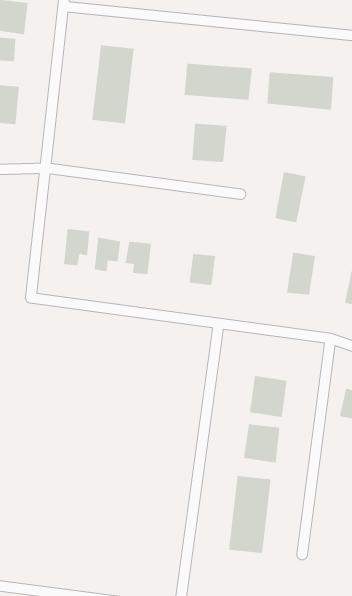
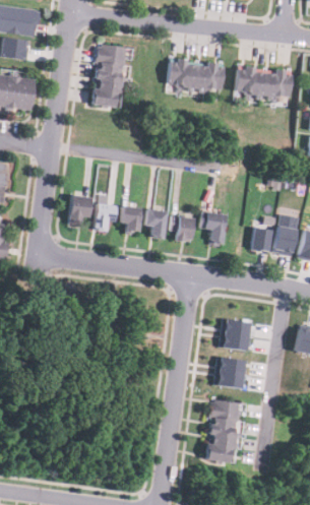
building: [192,123,227,163] -> none
building: [275,171,307,223] -> [275,213,302,256]
building: none -> [145,210,166,240]
building: none -> [200,212,226,246]

